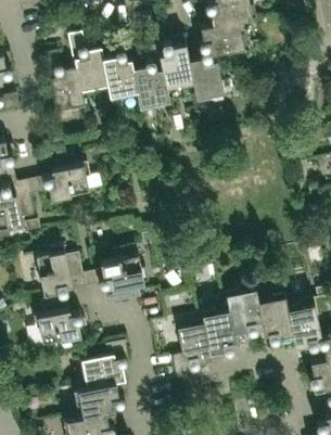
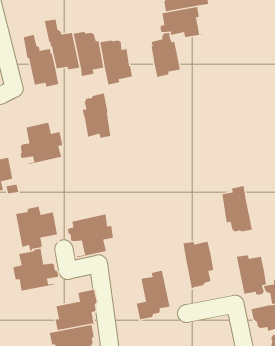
building: [158,38,192,90] -> [82,93,111,138]
building: [257,293,293,346] -> [221,185,253,232]
building: [201,309,234,362] -> none

